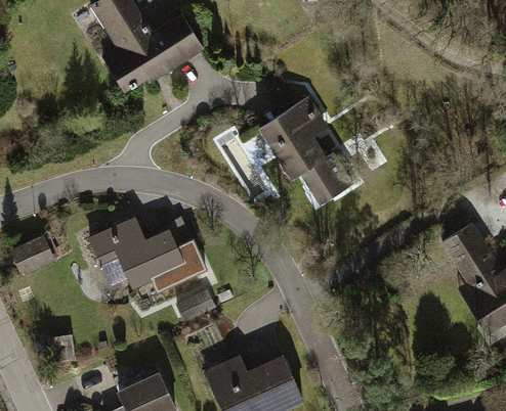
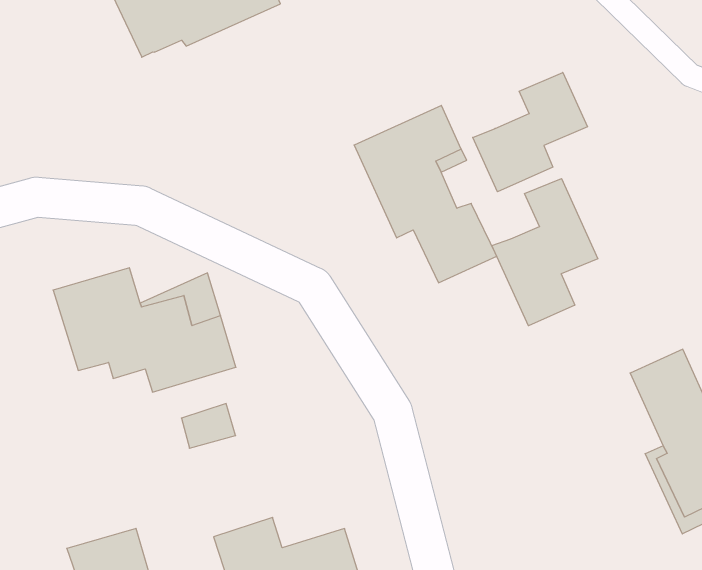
building: none -> [473,72,587,192]
building: none -> [492,179,598,326]

